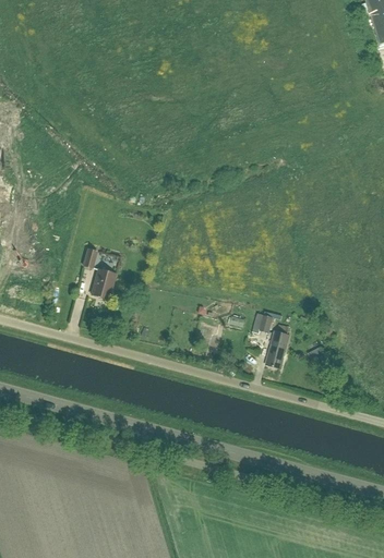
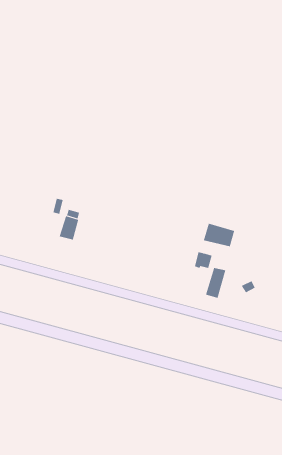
building: none -> [203,223,235,247]

